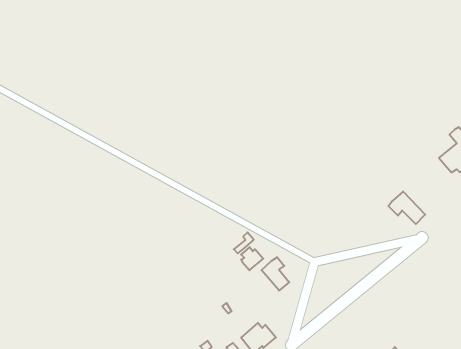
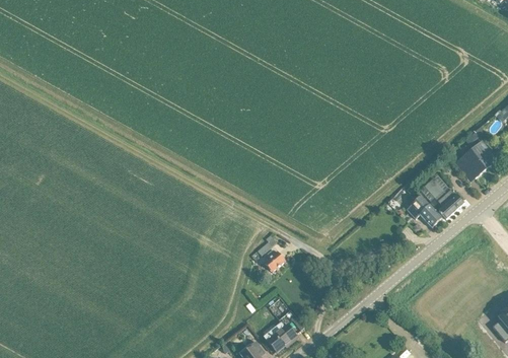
building: none -> [420,173,463,217]
building: [261,257,289,291] -> none

